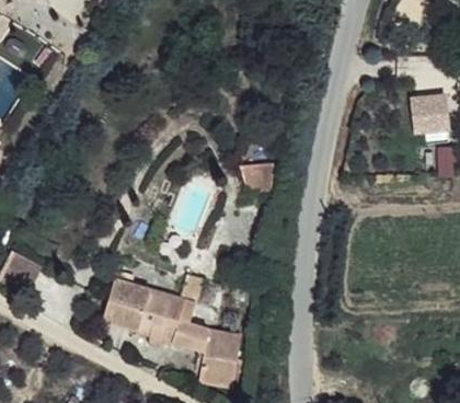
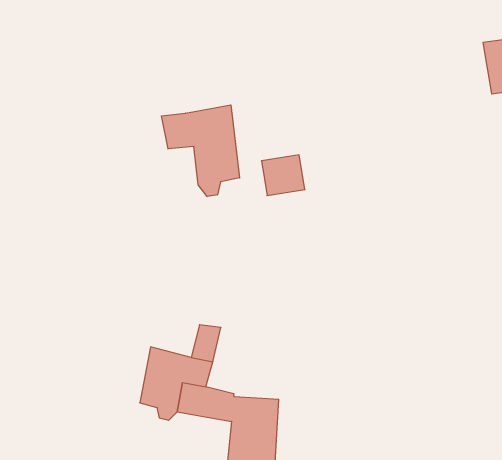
building: none -> [162,105,240,197]
building: [105,275,152,333] -> none

